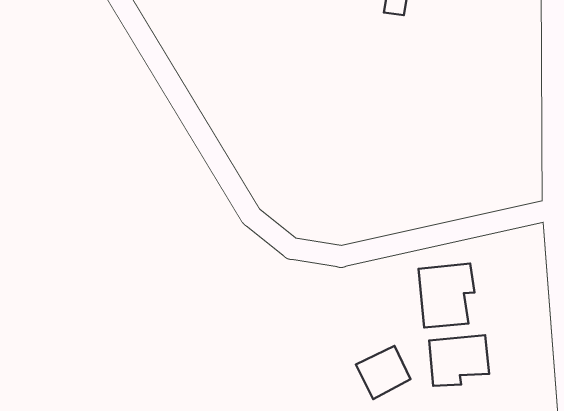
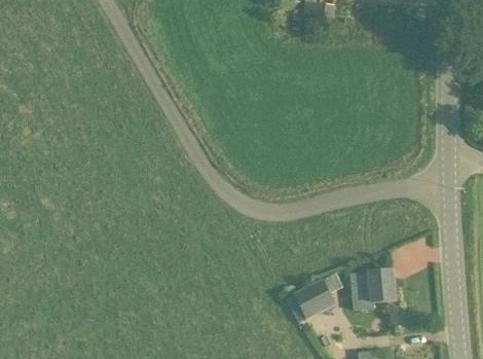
building: [418,263,475,327] -> none

